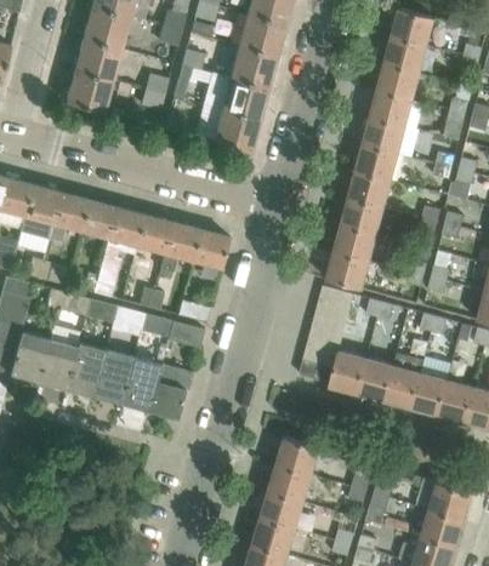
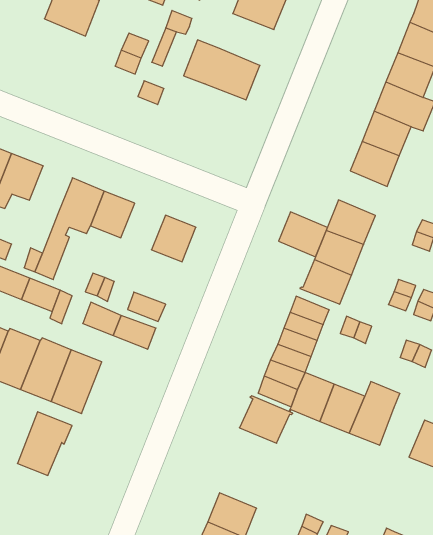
building: [229,46,275,88] -> none
building: [66,70,112,113] -> none
building: [212,110,258,151] -> none
building: [349,171,391,207] -> [279,212,327,257]
building: [80,199,115,238] -> none
building: [159,222,200,273] -> none
building: [148,364,192,418] -> [17,412,72,475]
building: [411,373,448,415] -> none
building: [277,436,322,475] -> [239,396,293,443]

